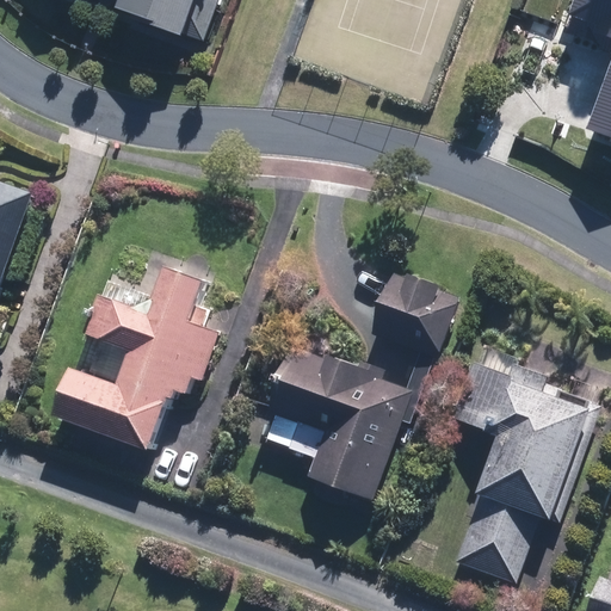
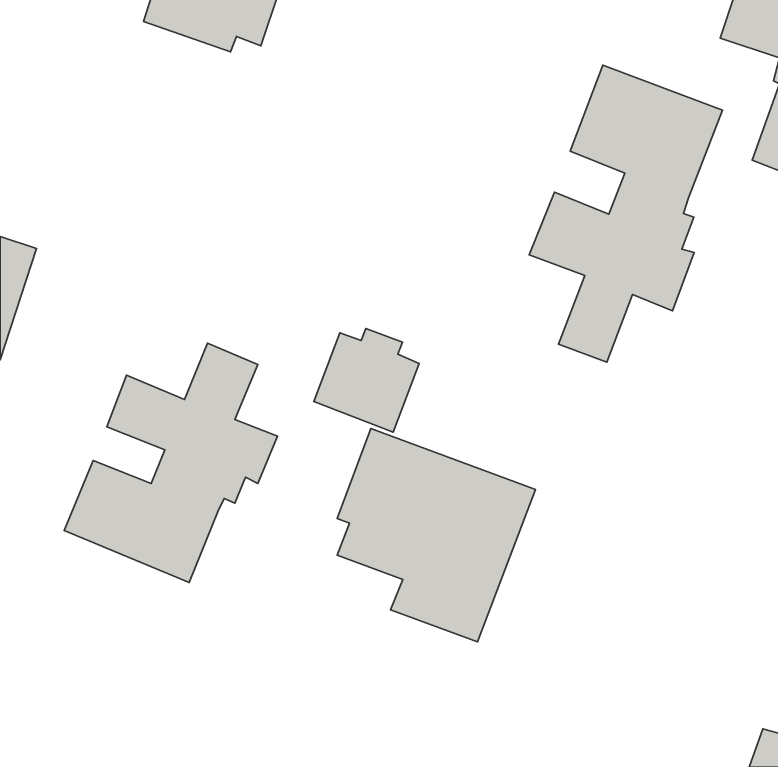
building: none -> [529,65,722,362]
building: [374,269,456,350] -> [314,328,419,432]
building: [455,358,599,574] -> none

